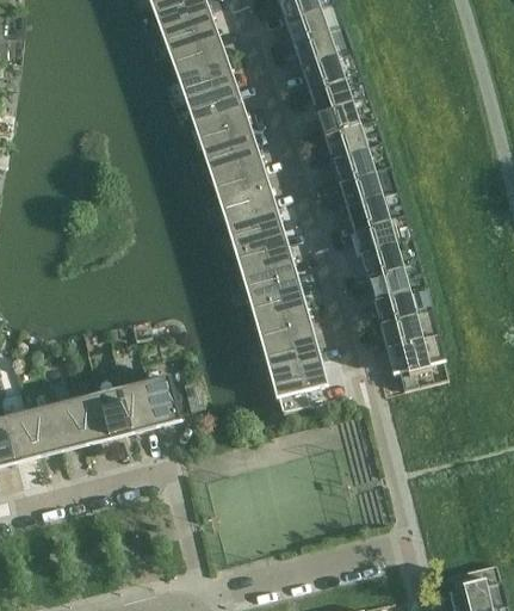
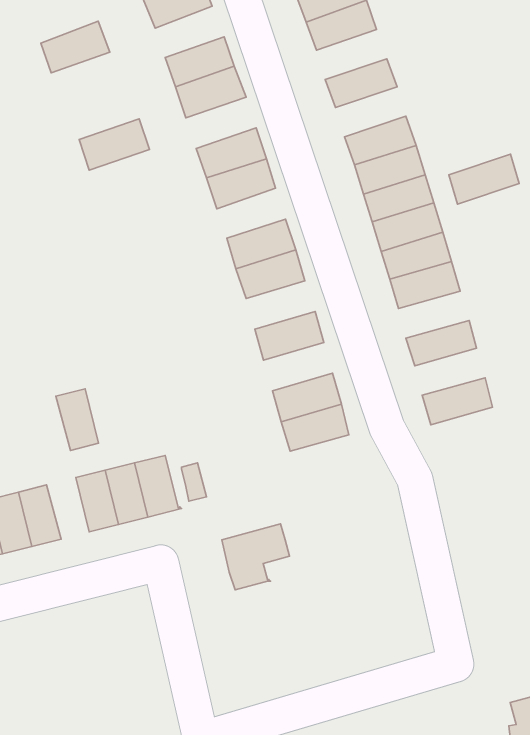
building: [160,8,216,50] -> [41,21,110,73]
building: [291,27,348,68] -> none
building: [306,74,364,115] -> [449,154,519,204]
building: [185,82,242,124] -> [79,119,149,170]
building: [210,156,266,197] -> none
building: [234,232,290,271] -> none
building: [358,240,415,278] -> none
building: [248,282,304,321] -> none
building: [371,286,428,325] -> none
building: [384,334,445,389] -> none
building: [270,357,324,411] -> [222,524,289,590]
building: [72,391,106,442] -> [56,389,98,450]

